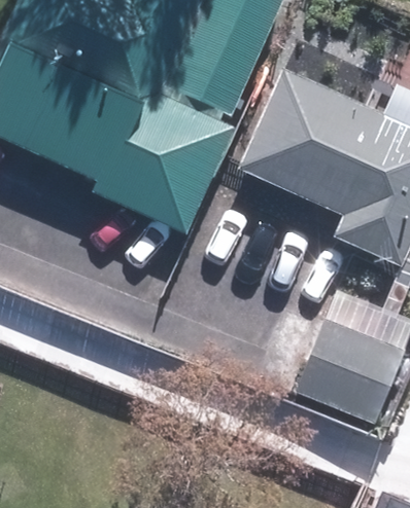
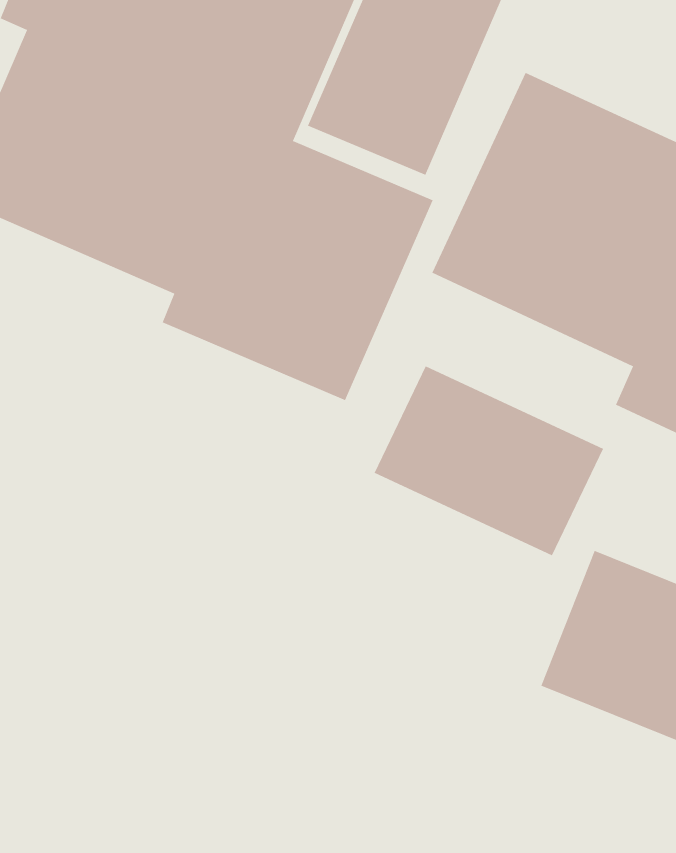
building: none -> [374,365,604,556]

